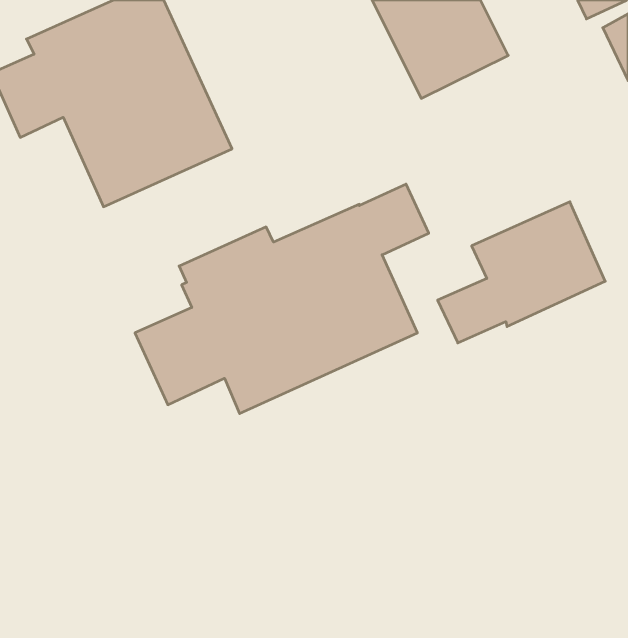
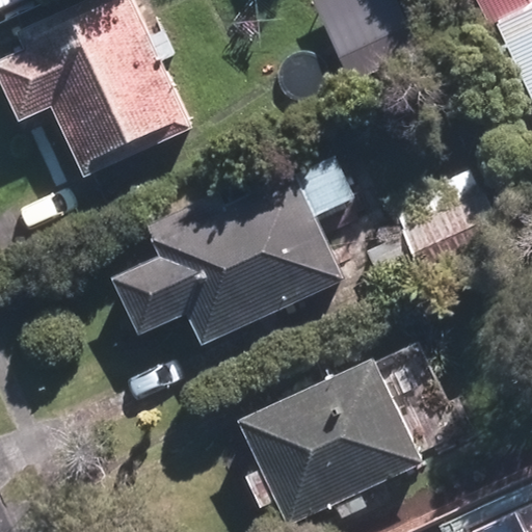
building: none -> [244,358,419,516]

